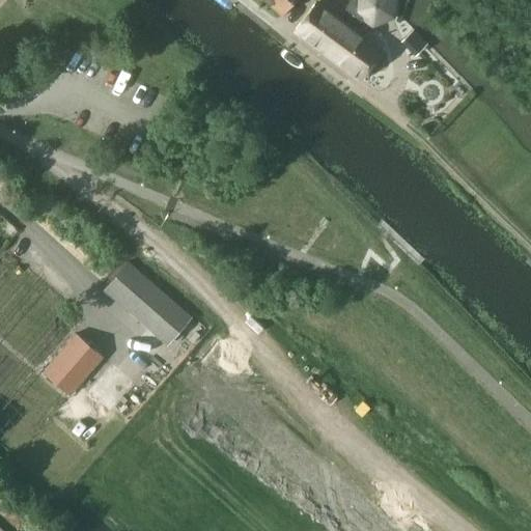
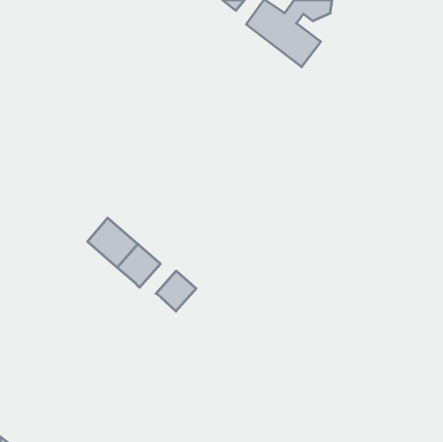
building: none -> [156,271,196,311]
building: [43,334,103,395] -> none

